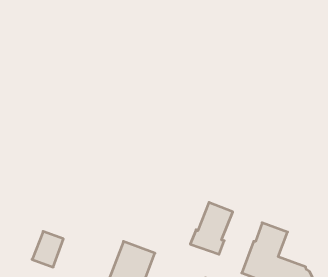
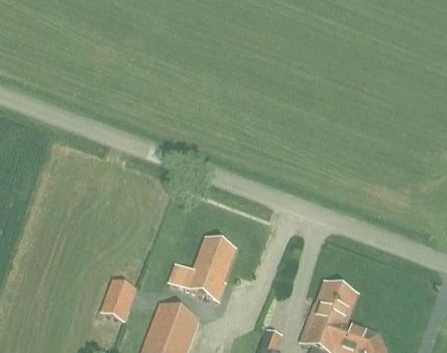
building: [190,202,233,254] -> [185,236,235,298]
building: [32,231,63,267] -> [100,276,137,319]

